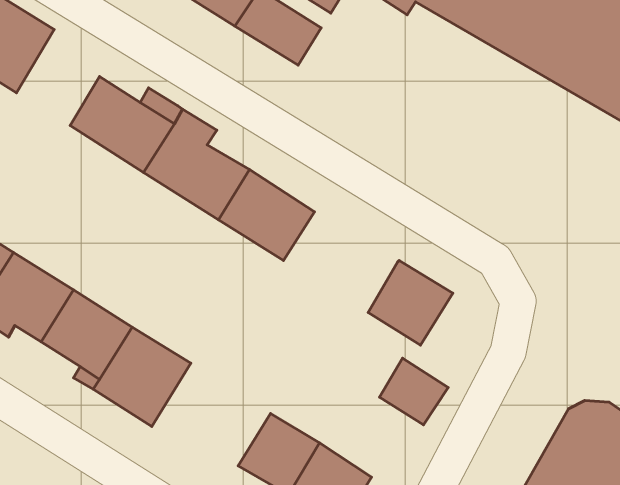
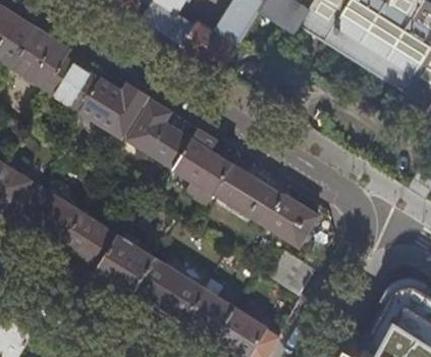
building: none -> [46,48,98,108]
building: none -> [213,162,284,225]
building: none -> [130,257,205,321]

